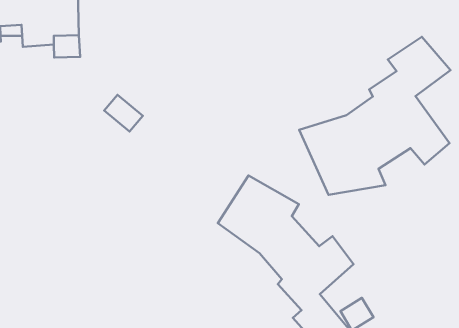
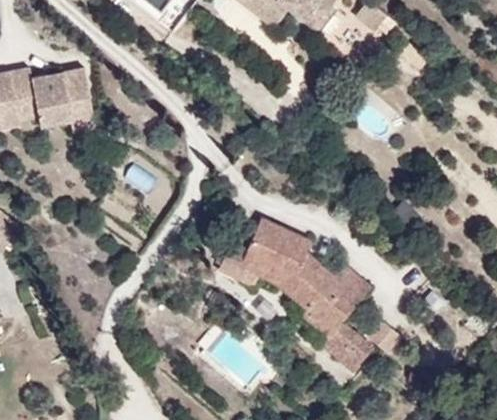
building: [299,37,451,195] -> none

